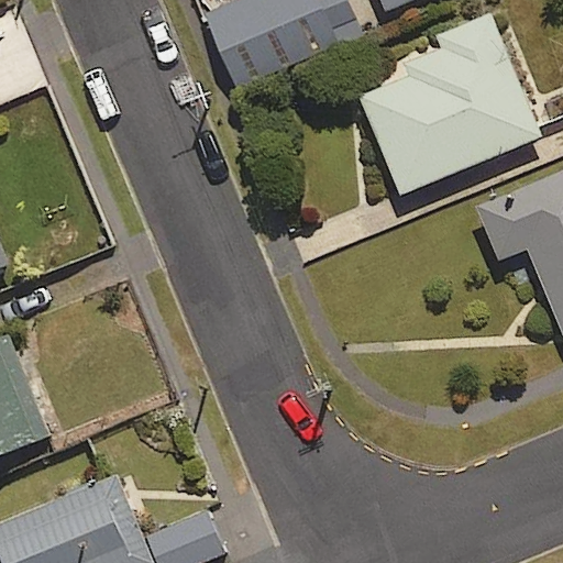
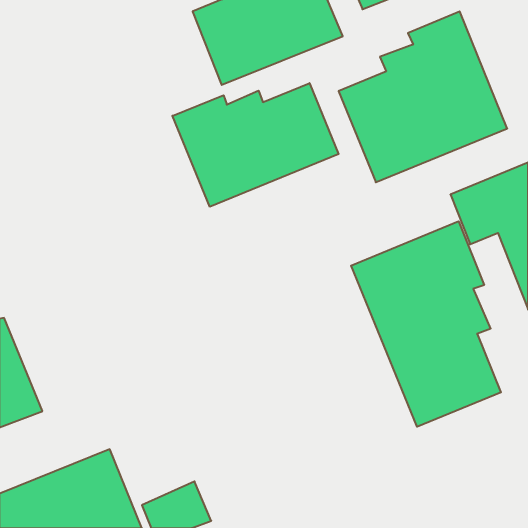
building: none -> [172,83,339,207]
building: none -> [351,221,501,427]

